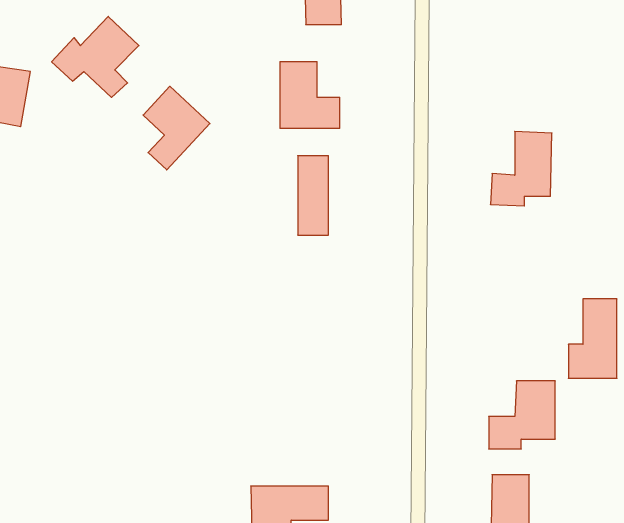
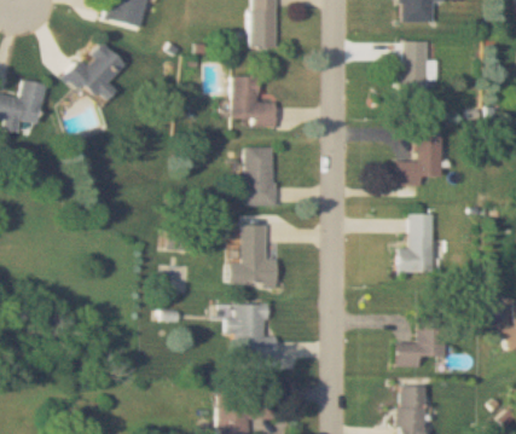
building: none -> [400,40,428,102]
building: [143,86,210,170] -> none
building: none -> [238,225,276,287]
building: [568,299,617,378] -> [396,213,433,272]
building: none -> [222,302,276,363]

